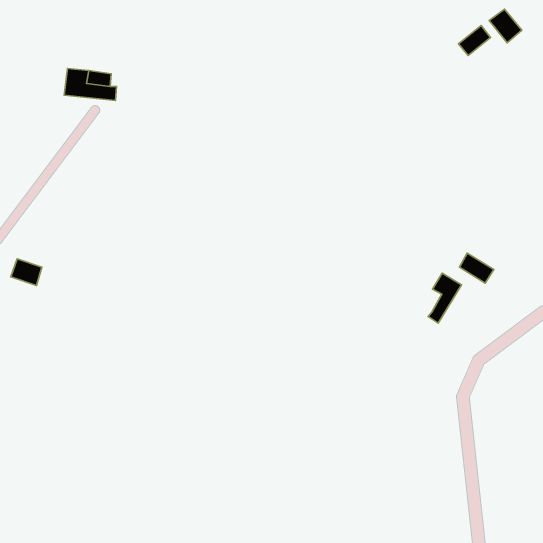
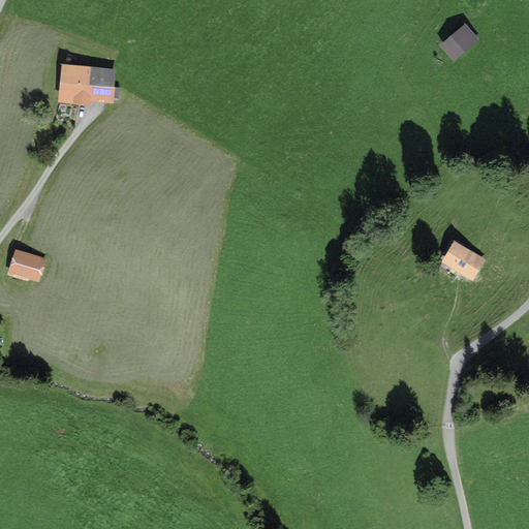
building: [489,9,522,43] -> none
building: [428,273,462,323] -> none

